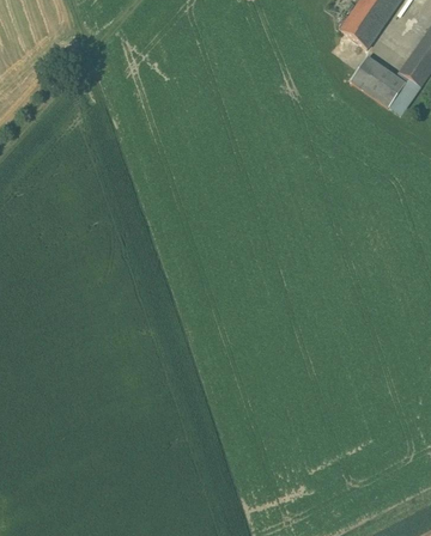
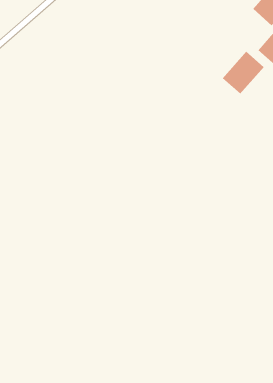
building: none -> [222,51,265,95]

